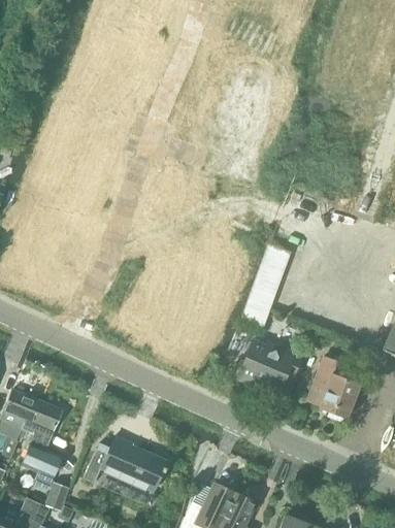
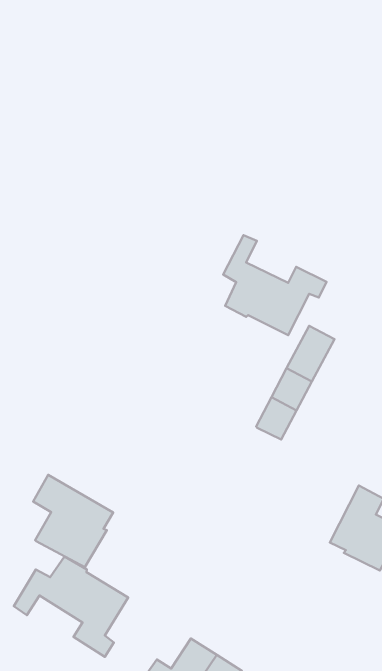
building: none -> [223,235,327,335]
building: [240,340,301,391] -> none
building: none -> [33,475,113,567]

